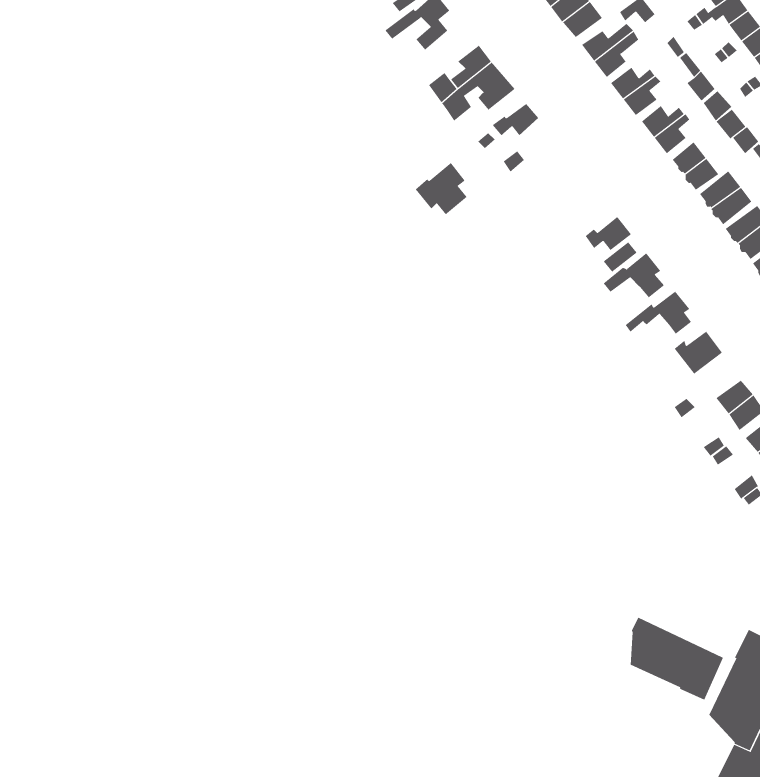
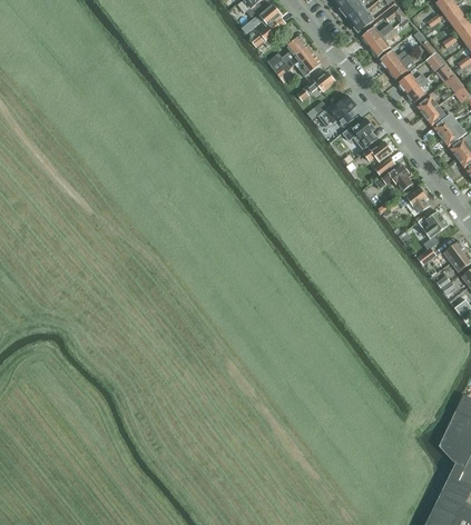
building: [415,162,467,215] -> [324,93,356,126]
building: none -> [342,118,376,146]
building: [630,617,724,701] -> none

